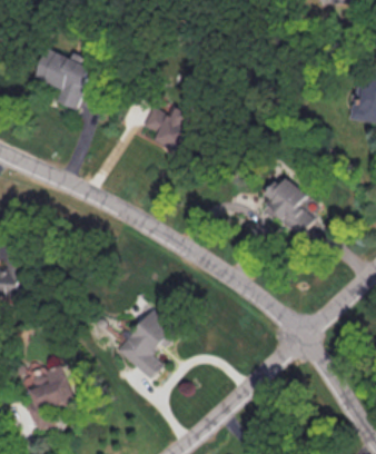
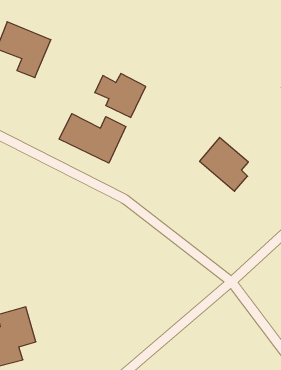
building: none -> [59,114,126,163]
building: [111,307,174,379] -> none

